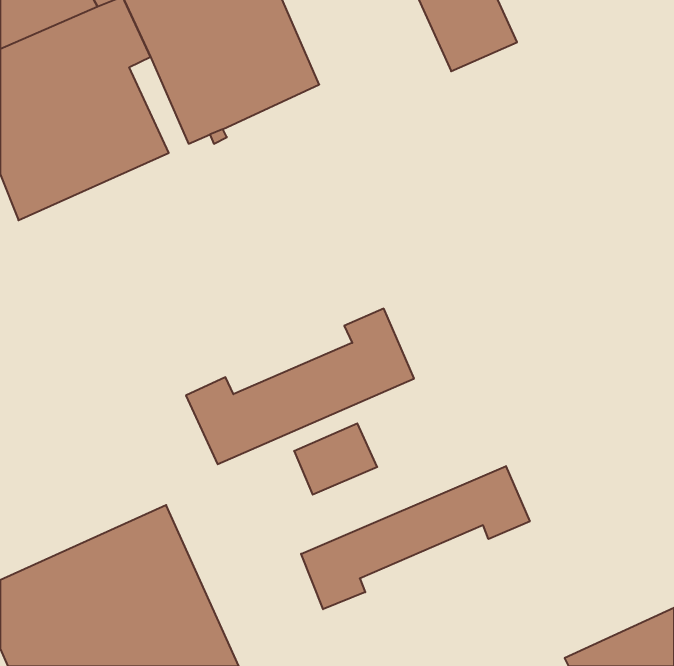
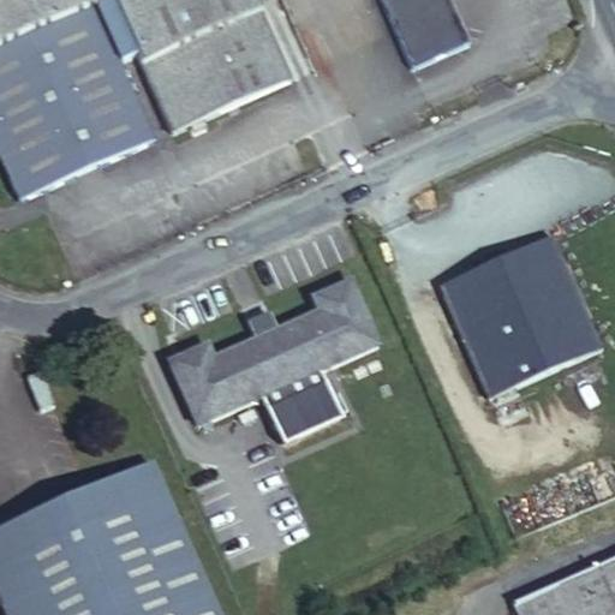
building: none -> [438,235,602,398]
building: [301,466,530,609] -> none

